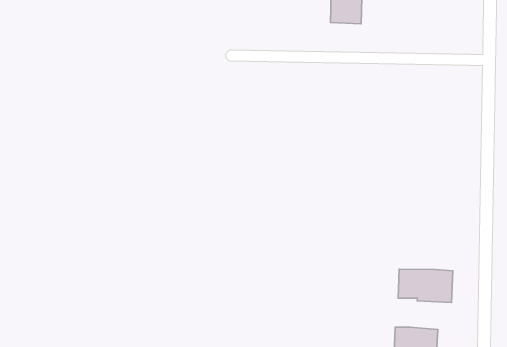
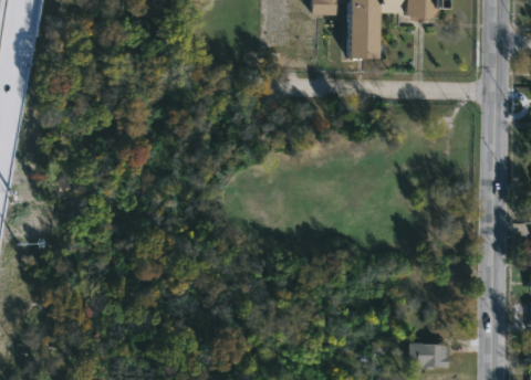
building: [398,269,453,302] -> none

